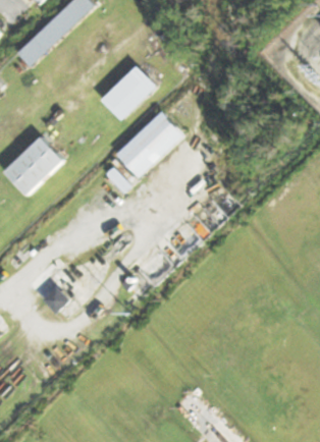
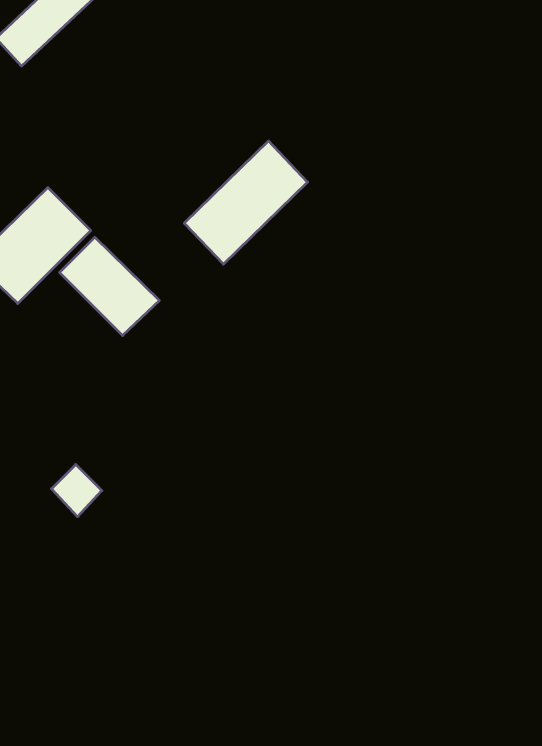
building: [103,66,157,120] -> none
building: none -> [60,237,159,336]

